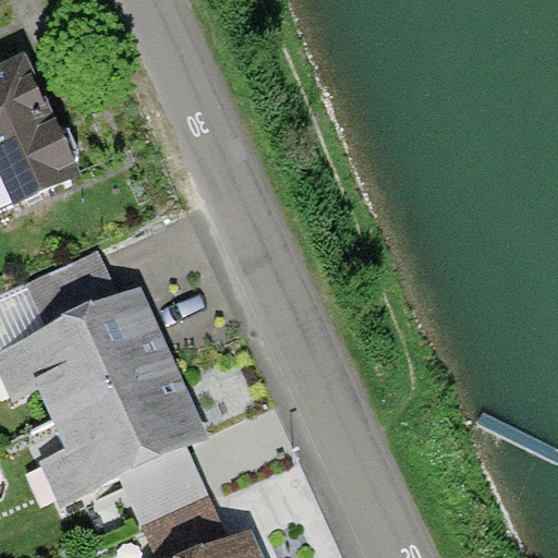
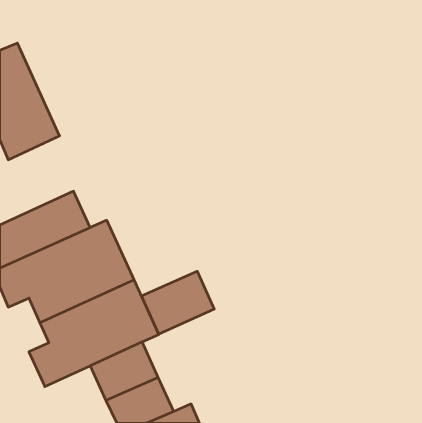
building: none -> [141,271,214,334]

